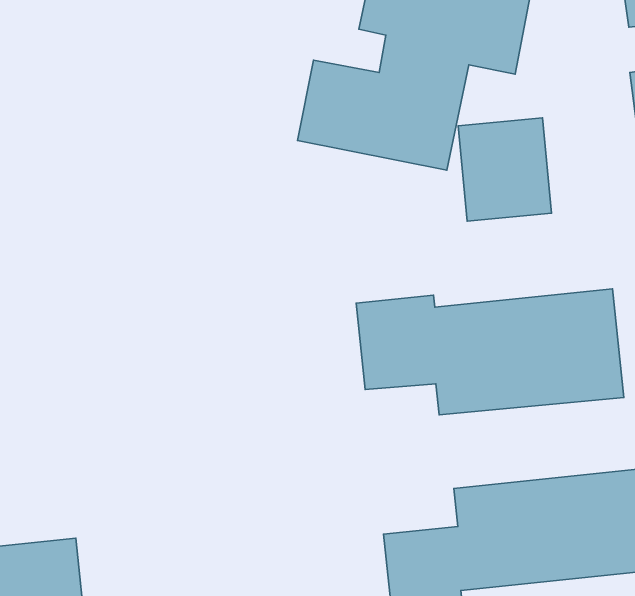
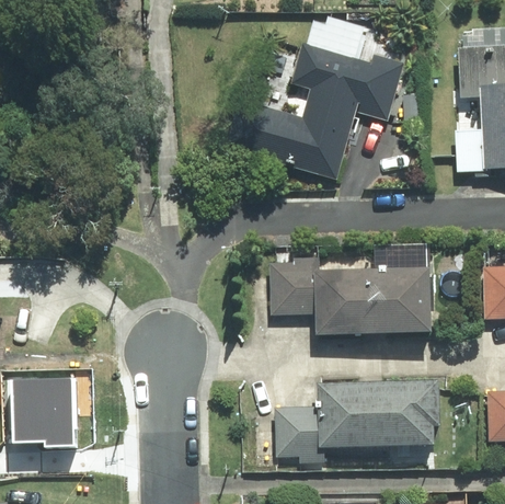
building: [458,118,552,221] -> none

